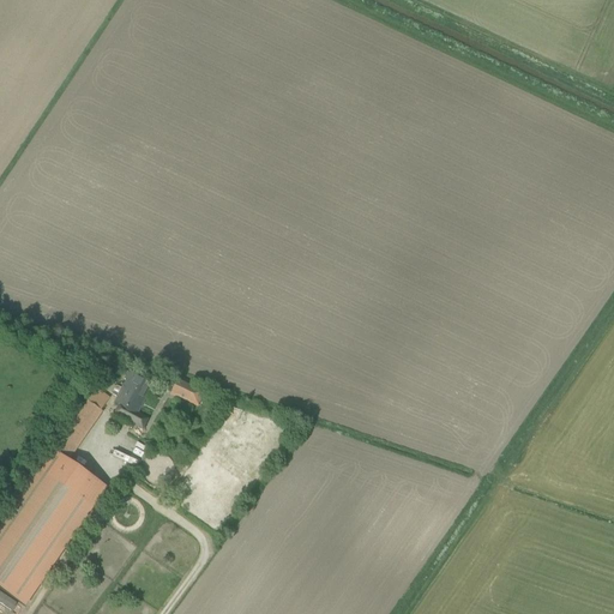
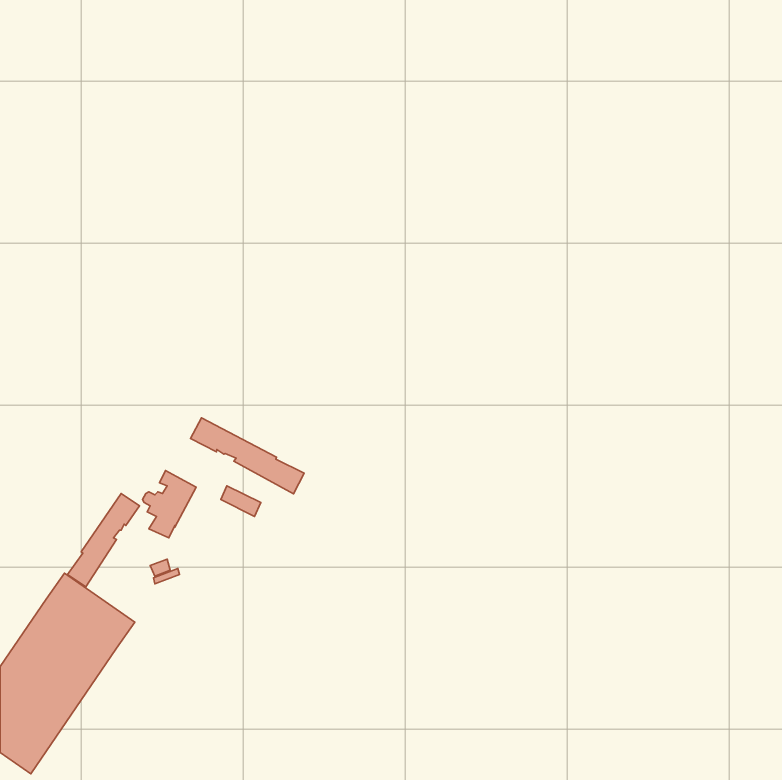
building: none -> [191,418,304,494]

